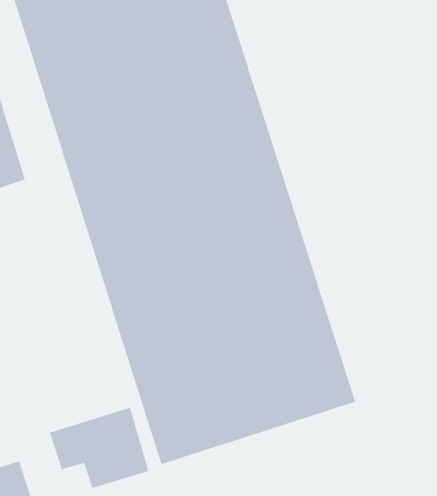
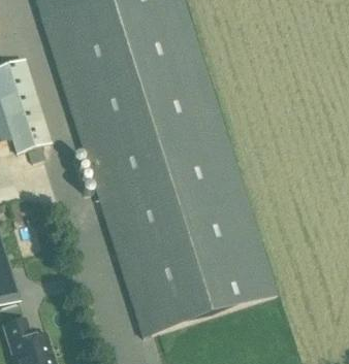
building: [49,407,150,489] -> none

